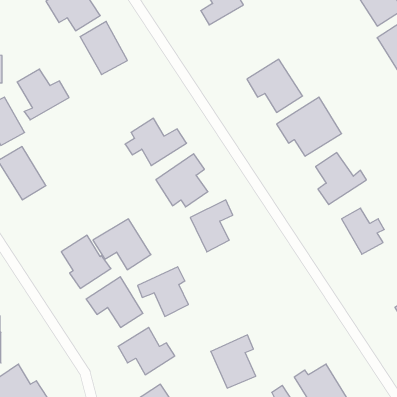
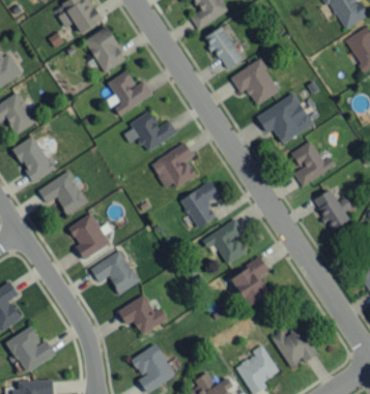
building: none -> [205,26,243,70]
building: [17,69,69,120] -> [108,70,153,115]
building: [93,219,151,270] -> [37,171,88,215]
building: [138,267,188,316] -> [202,220,247,264]
building: [211,335,256,388] -> [231,259,271,305]

